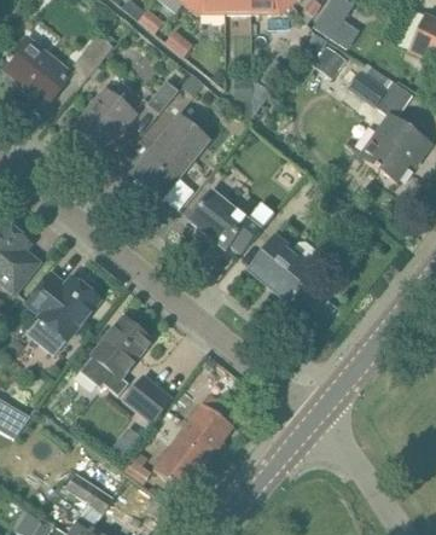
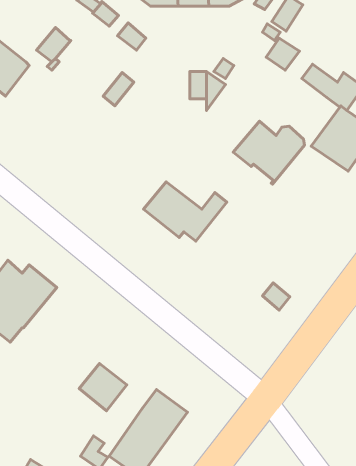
building: [75,87,135,150] -> none
building: [132,114,210,208] -> none
building: [249,235,321,300] -> [233,121,305,184]
building: [80,316,151,395] -> none

